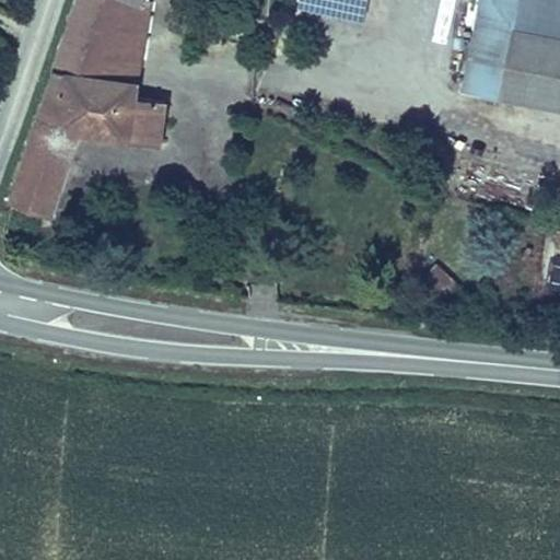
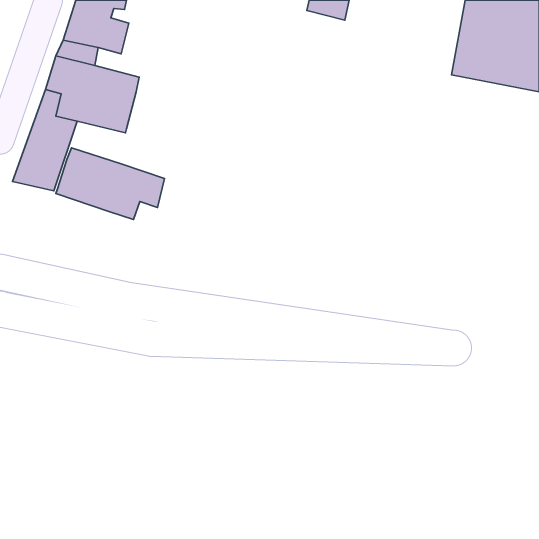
building: [131,95,170,141] -> none
building: none -> [56,148,165,220]

